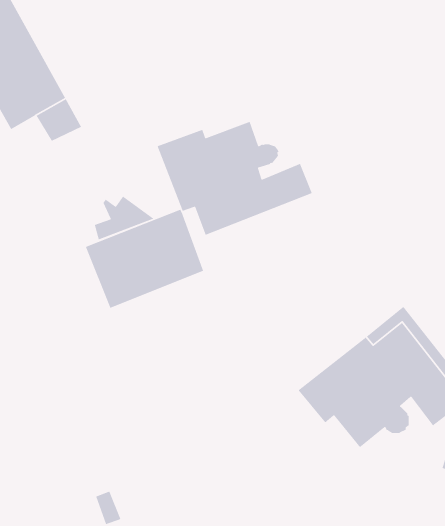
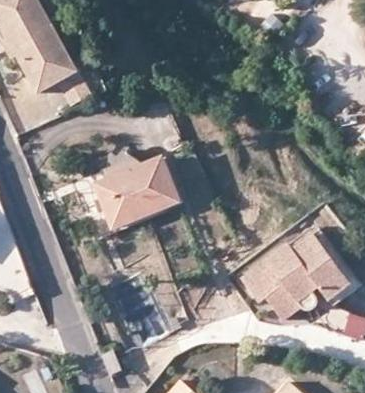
building: [157,121,313,236] -> none

